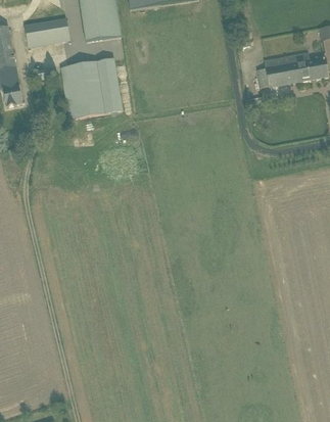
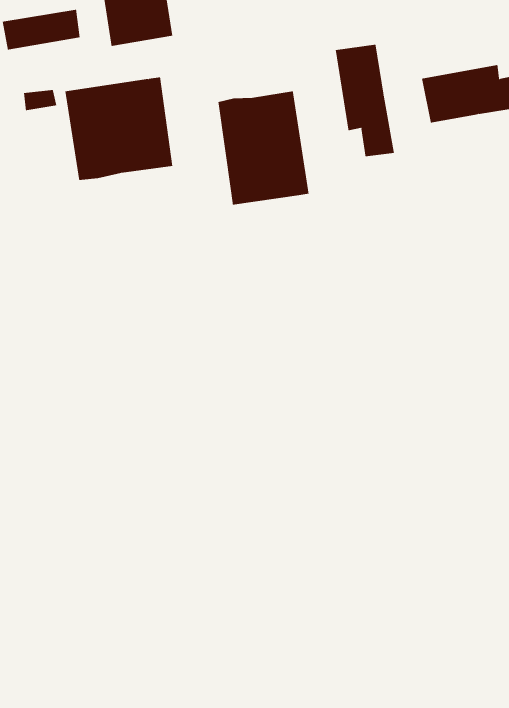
building: none -> [335,44,395,157]
building: none -> [218,91,309,206]

